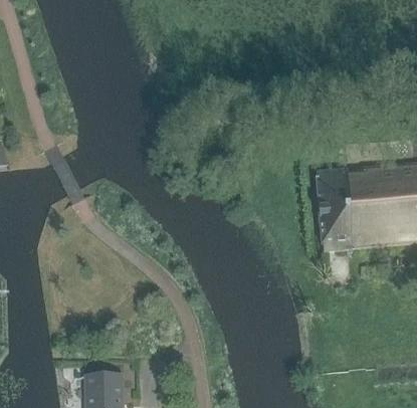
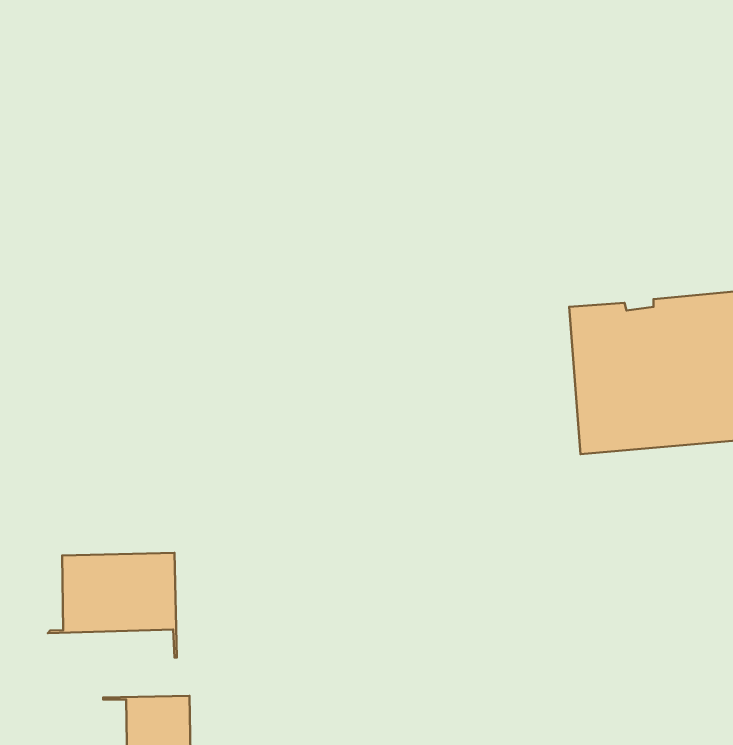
building: none -> [48,553,177,658]

